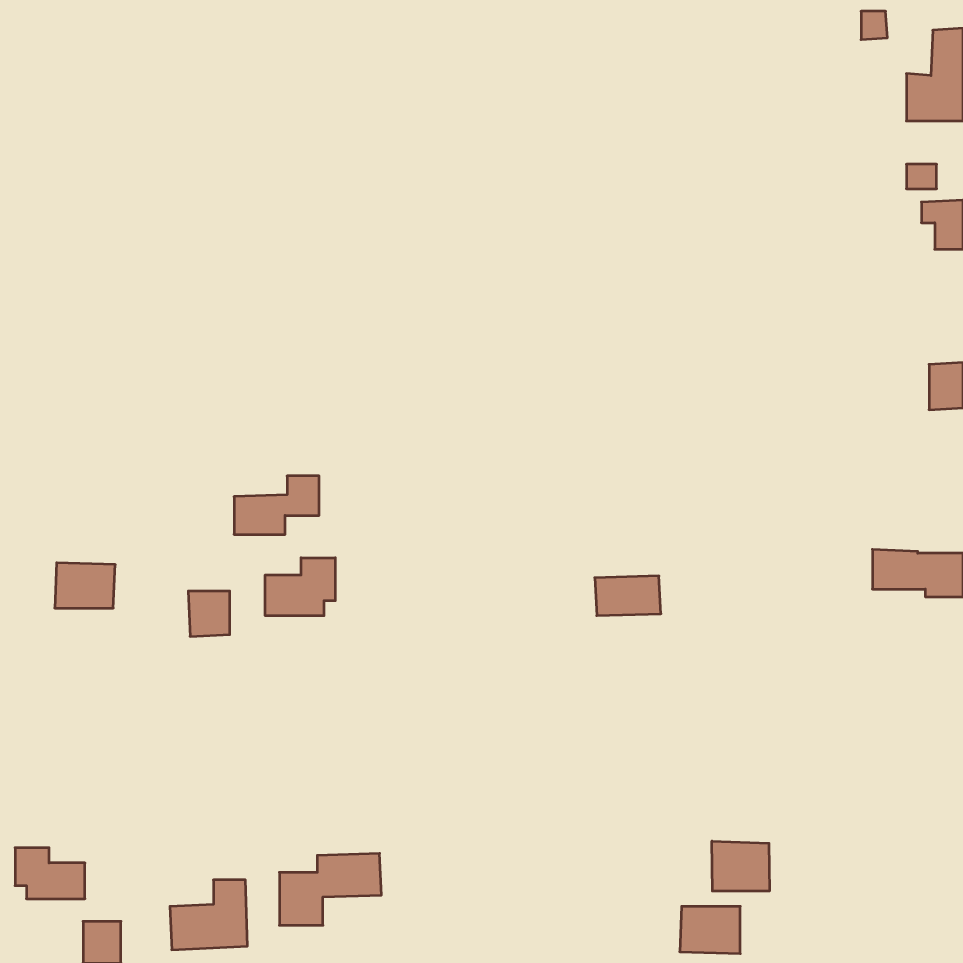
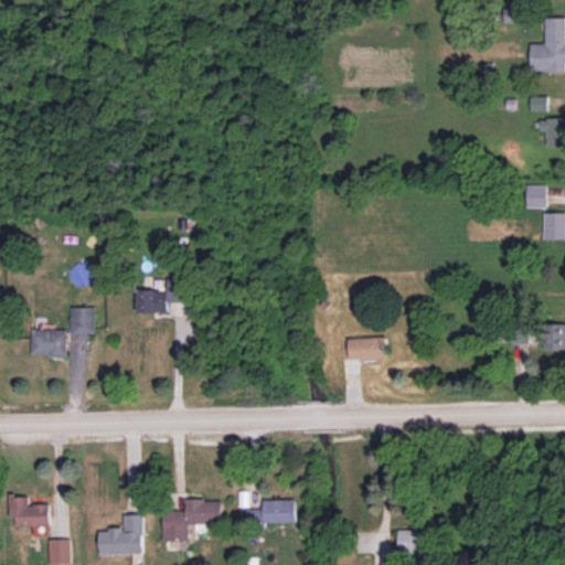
building: none -> [525,185,546,207]
building: [265,558,335,616] -> none
building: [188,591,230,636] -> [71,308,95,334]
building: [712,841,769,891] -> none
building: none -> [246,500,296,525]

